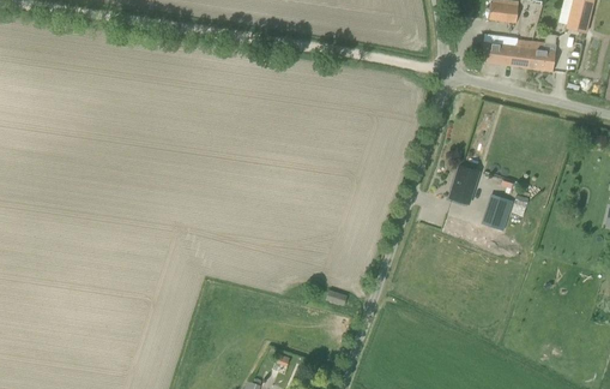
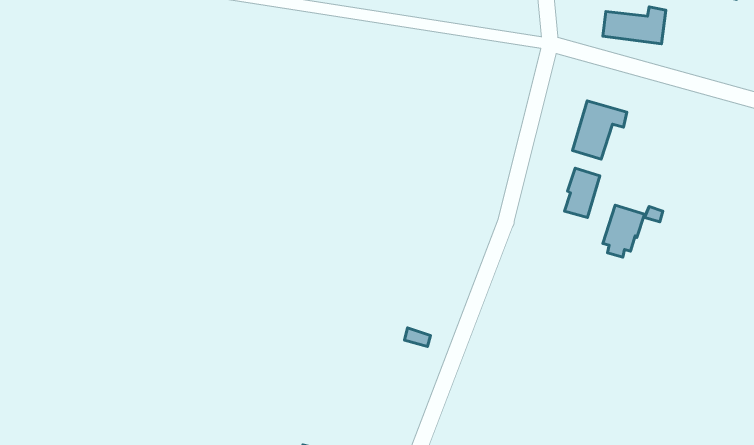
building: [527,42,556,71] -> none
building: none -> [573,101,627,159]

